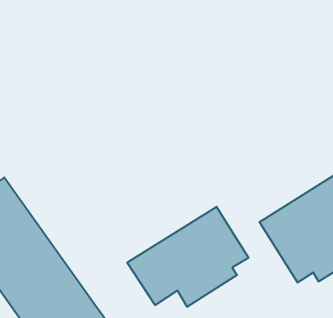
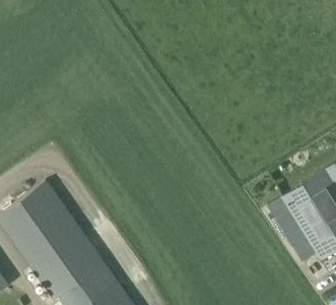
building: [127,207,248,307] -> none

